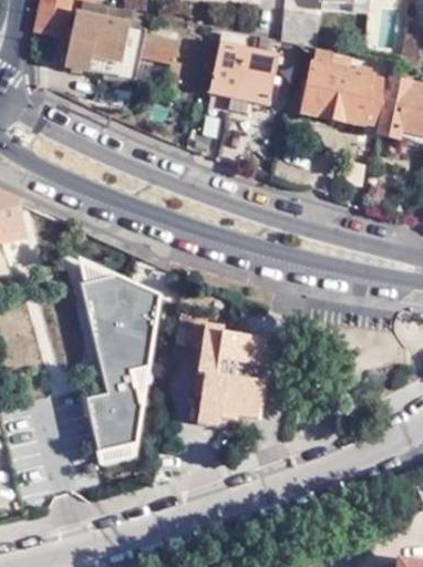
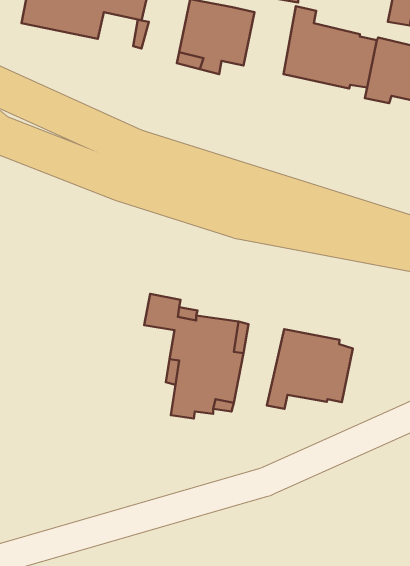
building: [78,268,156,457] -> none
building: none -> [267,329,353,409]

